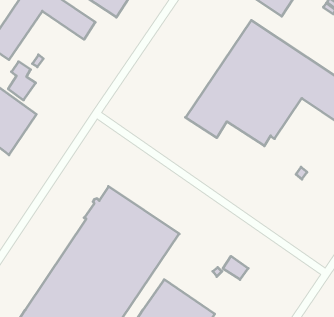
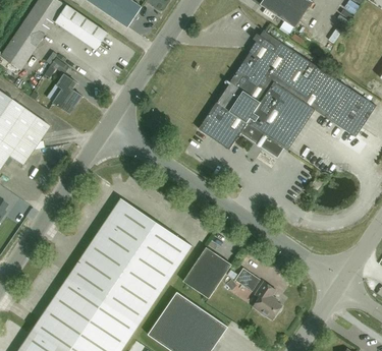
building: [8,62,36,100] -> [54,74,81,113]
building: none -> [182,246,231,298]
building: none -> [253,281,281,319]

